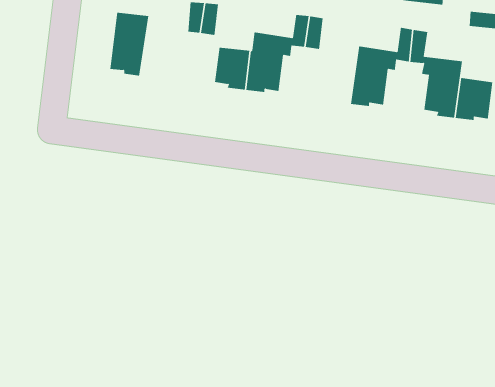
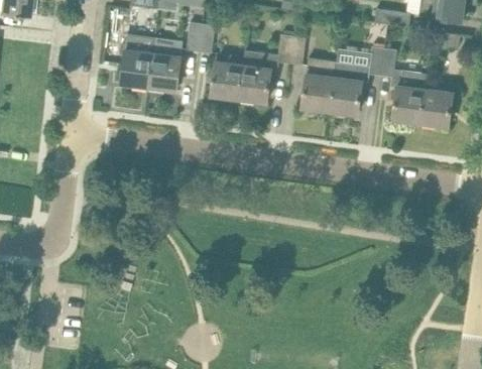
building: none -> [146,36,183,91]
building: none -> [302,58,336,113]

